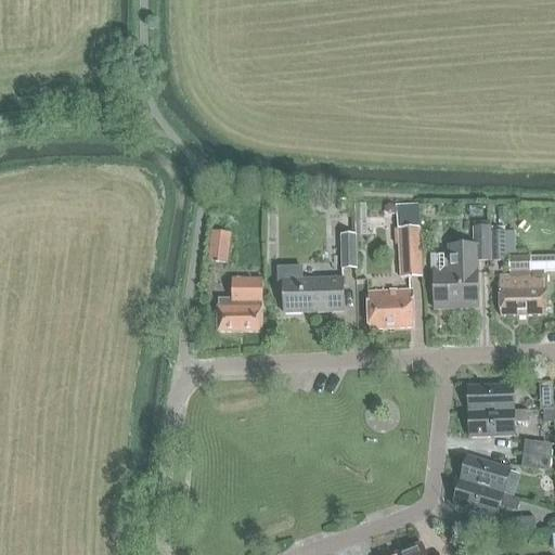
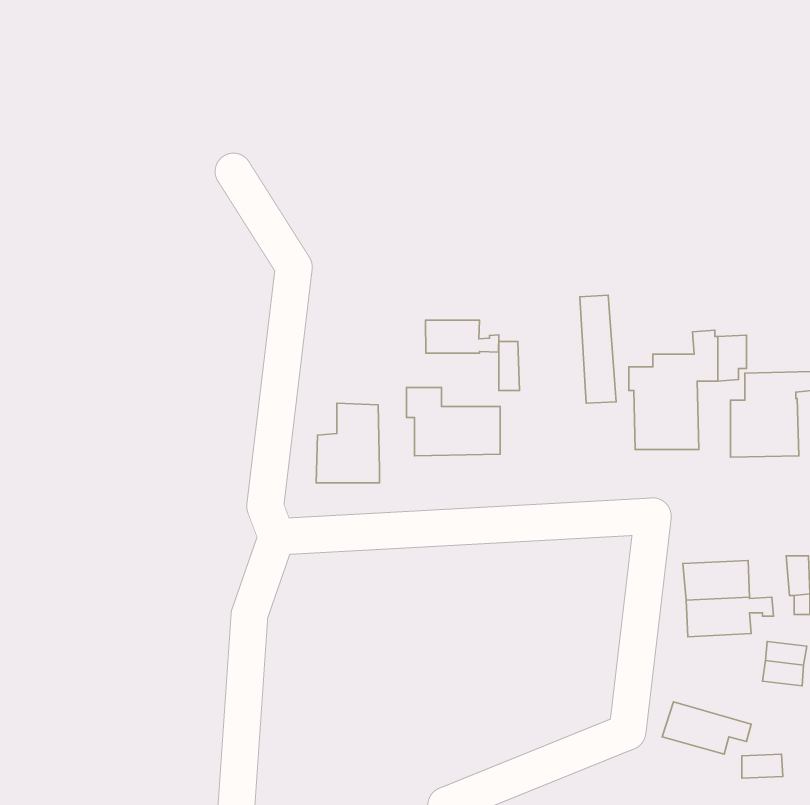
building: none -> [426,320,499,353]
building: [208,229,231,260] -> none
building: [367,288,414,326] -> none
building: [461,454,509,491] -> none

